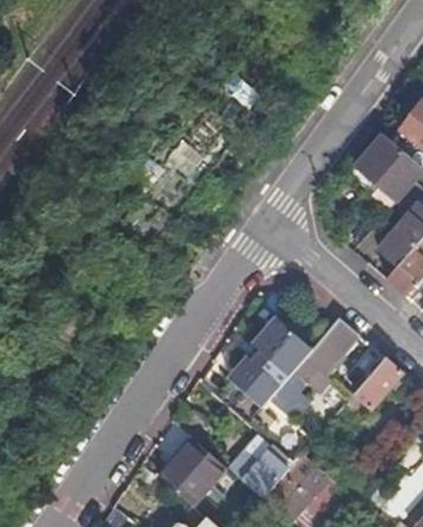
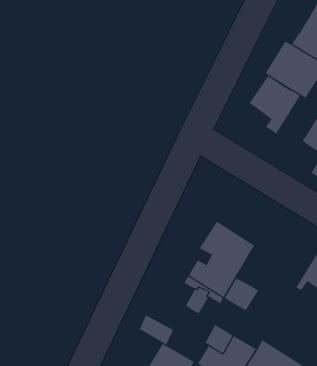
building: none -> [249,75,301,134]
building: [294,317,356,382] -> none

